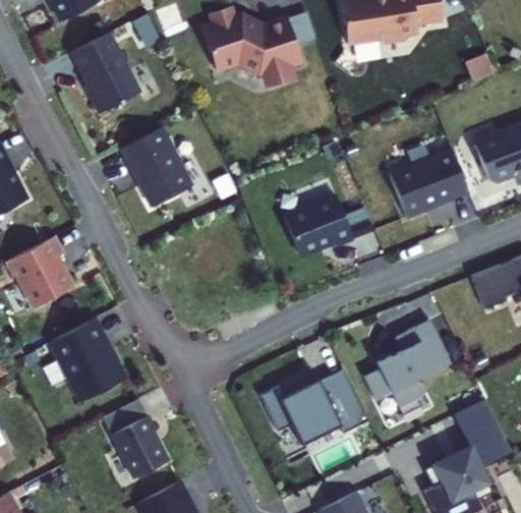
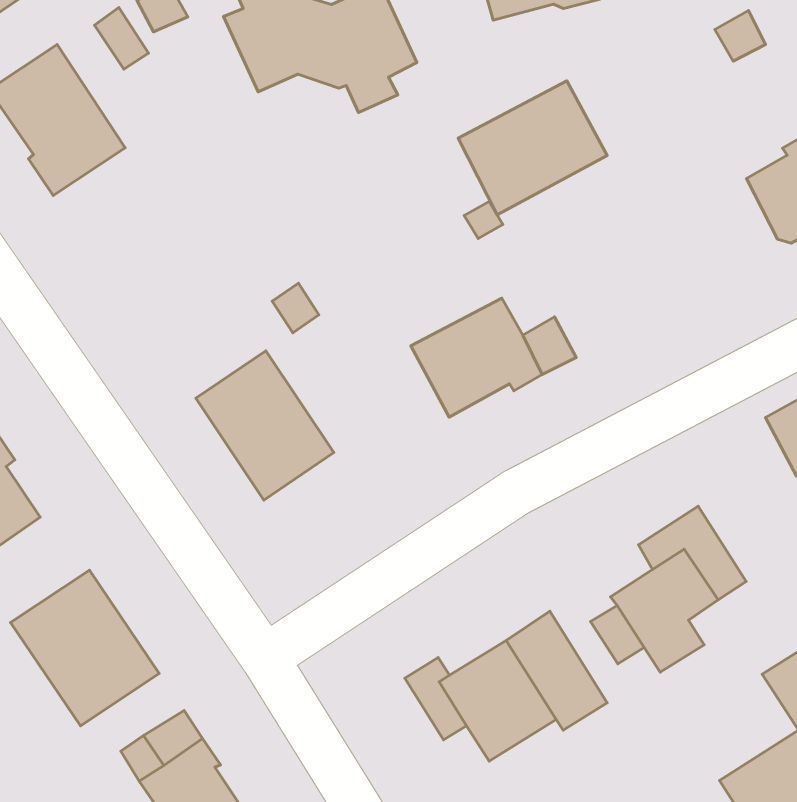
building: [121,126,192,207] -> [196,351,334,500]
building: [390,149,469,217] -> [458,81,607,215]

